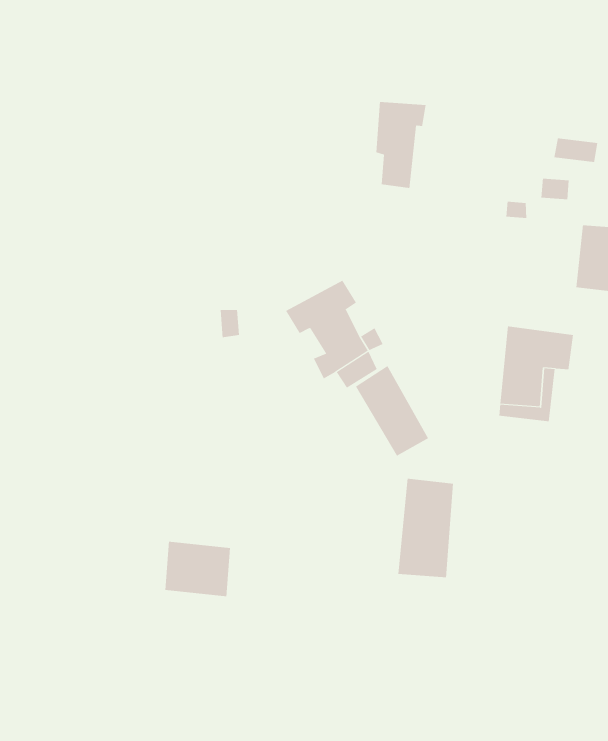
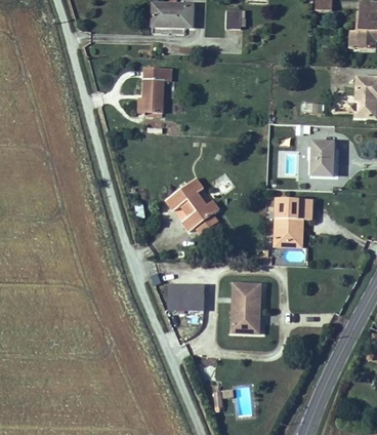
building: [375,101,426,189] -> [144,77,169,121]
building: [355,365,429,457] -> none
building: [164,541,231,597] -> [159,281,192,308]

